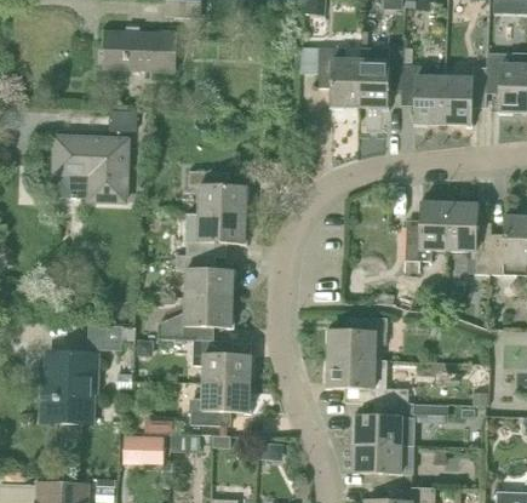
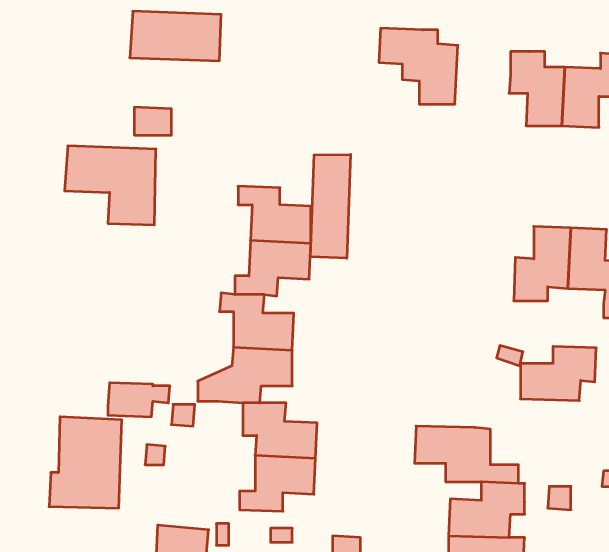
building: [359,48,403,107] -> none
building: none -> [310,154,351,258]
building: [328,316,388,359] -> [520,346,596,401]

